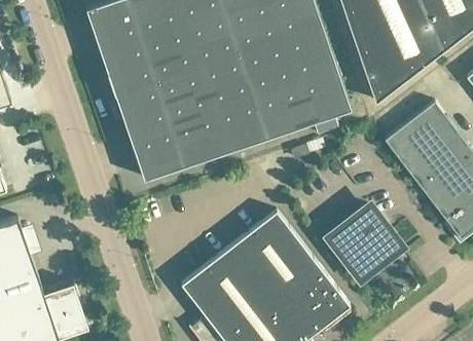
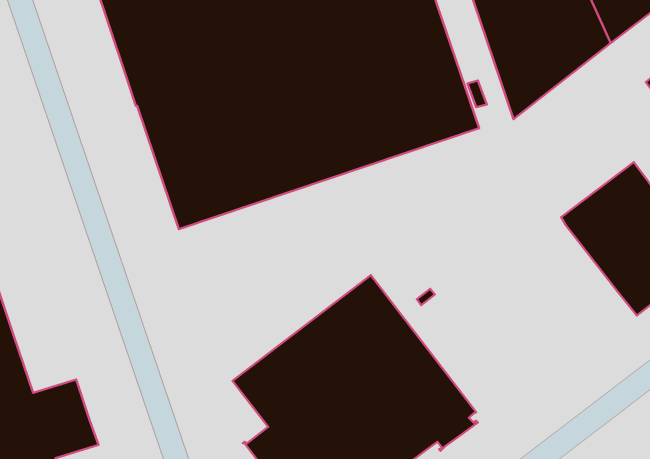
building: [385,103,459,172] -> none
building: [330,207,400,277] -> none

